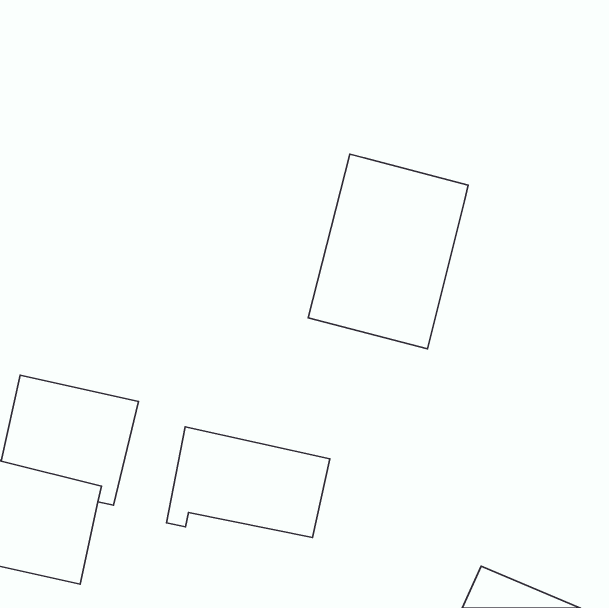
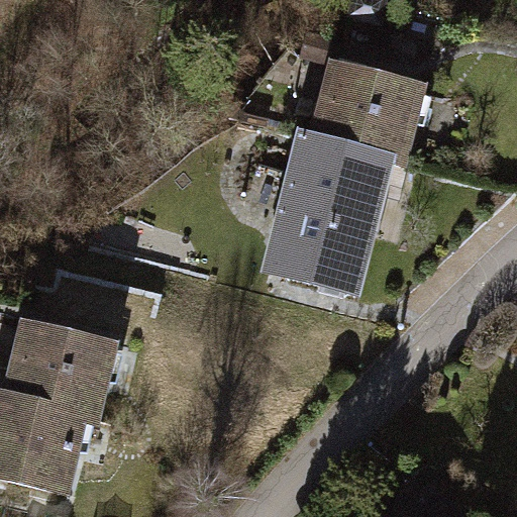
building: none -> [308,58,427,173]
building: [166,427,330,538] -> none

